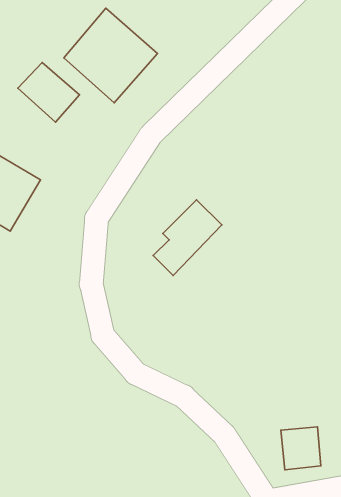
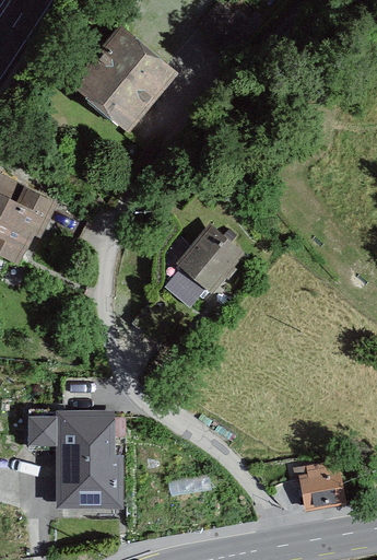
building: [18,63,80,122] -> none
building: none -> [27,404,121,504]

